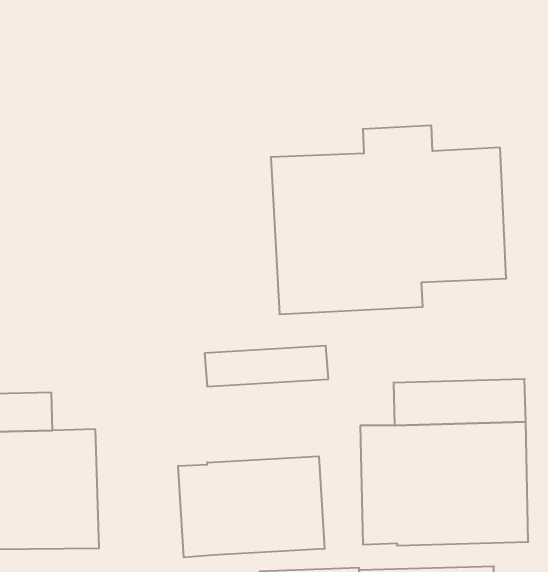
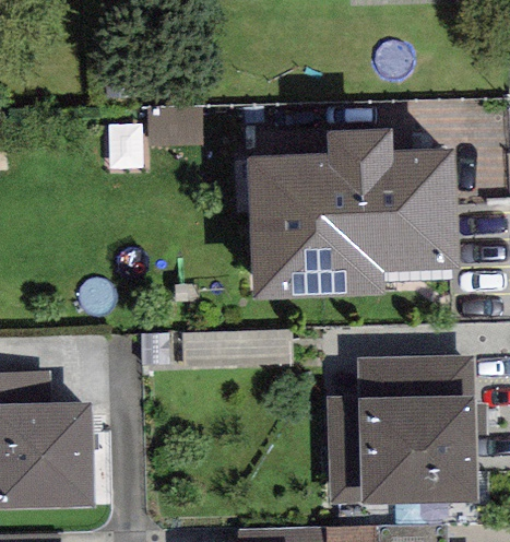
building: [178,456,325,557] -> none

